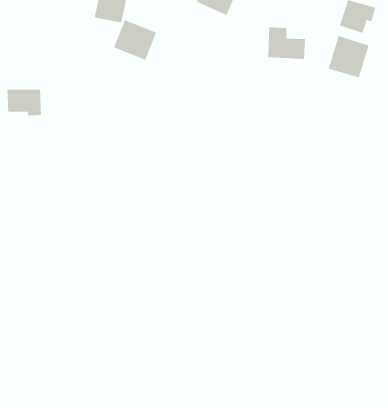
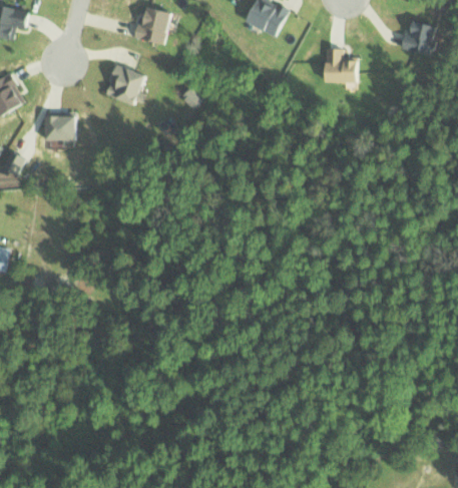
building: [113,20,157,60] -> [102,62,149,106]
building: [328,35,369,78] -> none

